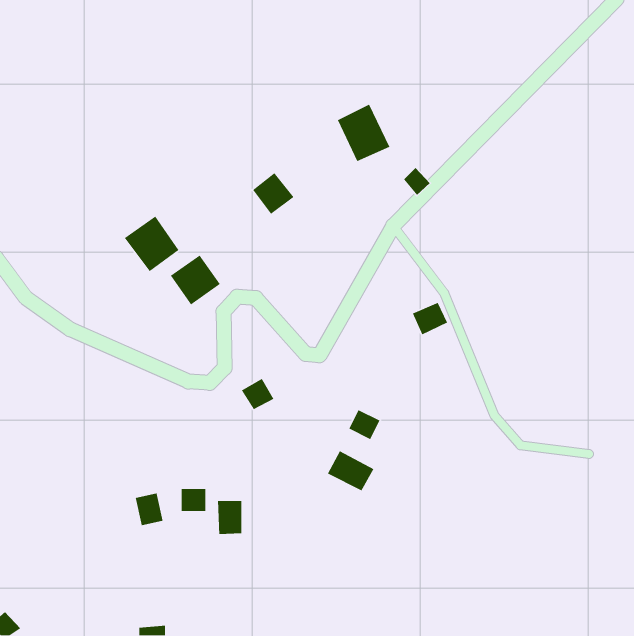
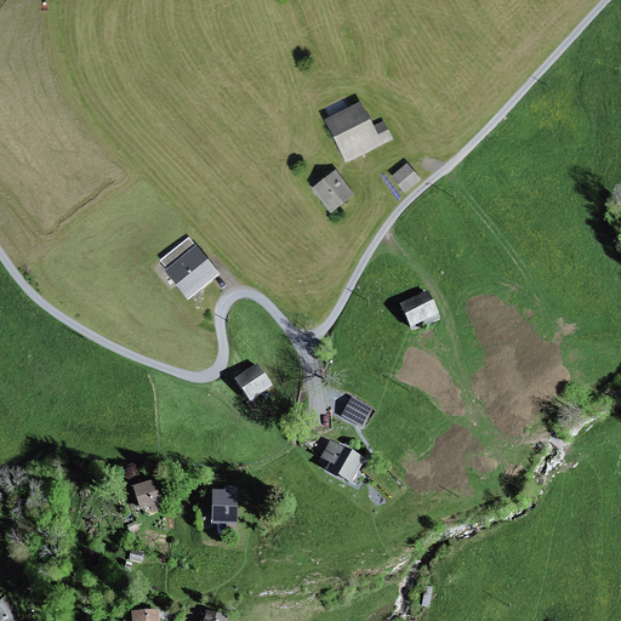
building: [252,172,294,215] -> [312,171,353,212]
building: [124,215,180,272] -> none
building: [181,488,206,512] -> none

